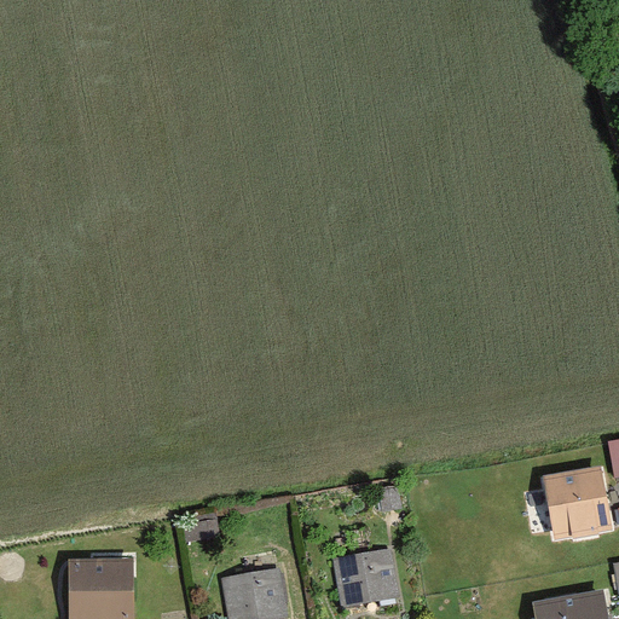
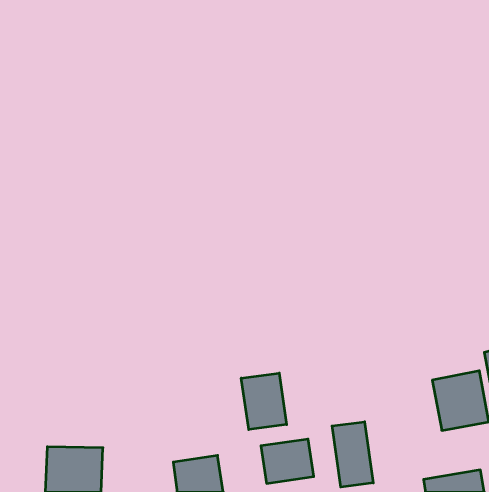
building: none -> [241,373,287,430]
building: none -> [332,422,373,487]

